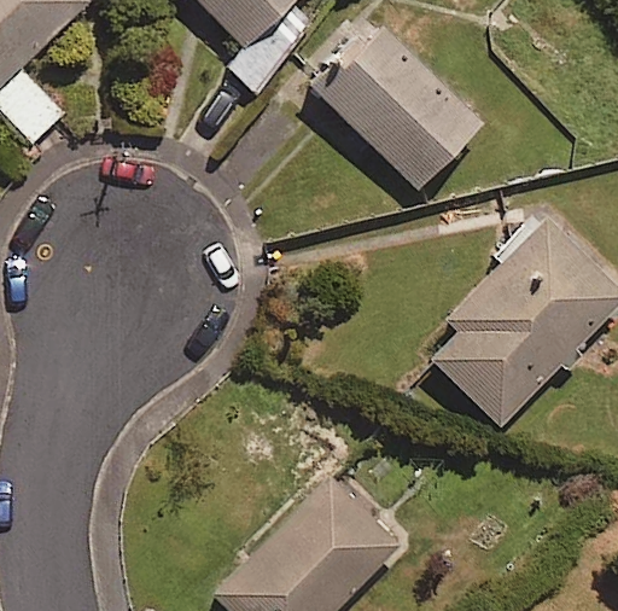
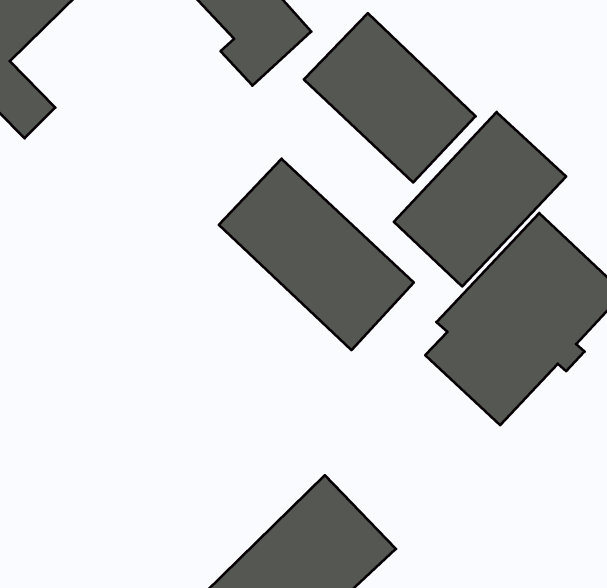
building: none -> [394,112,566,286]
building: none -> [219,159,414,350]

